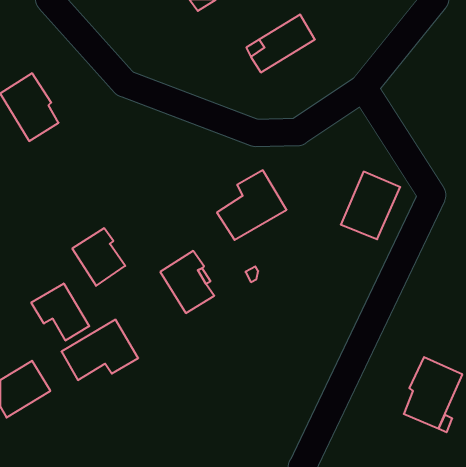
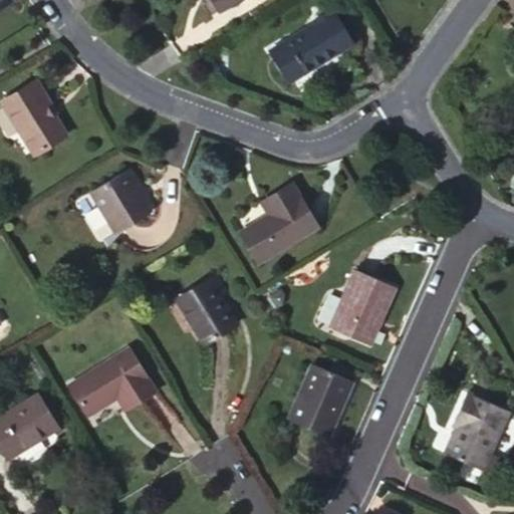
building: [341,172,400,239] -> [329,270,395,344]
building: [72,228,125,286] -> [91,171,150,234]
building: [31,283,89,341] -> none
building: none -> [287,365,353,440]

